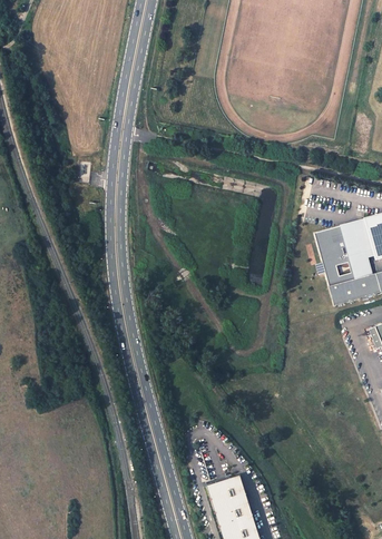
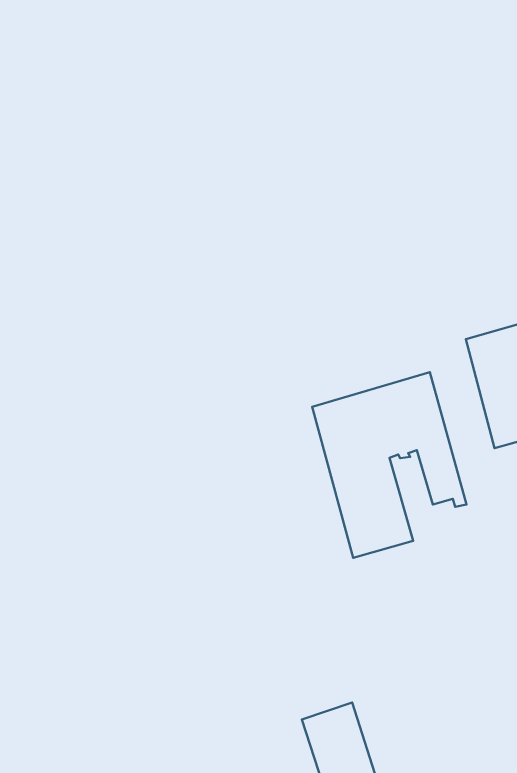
building: none -> [312,372,467,558]

